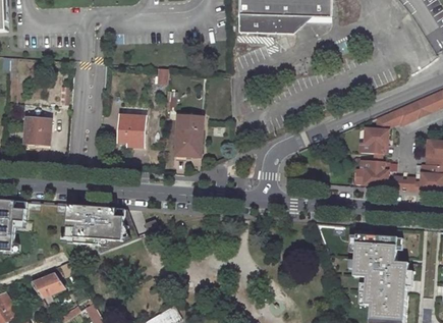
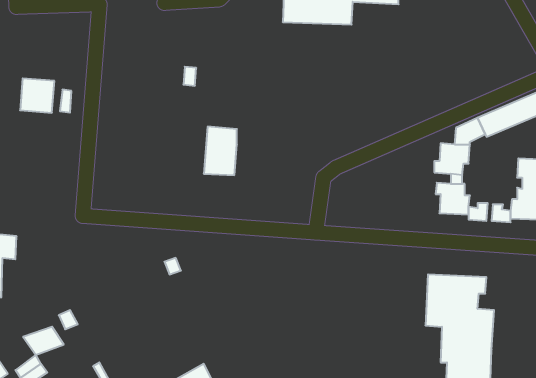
building: [118,115,147,144] -> none
building: [24,117,52,145] -> [20,78,54,113]
building: [63,207,122,240] -> none

